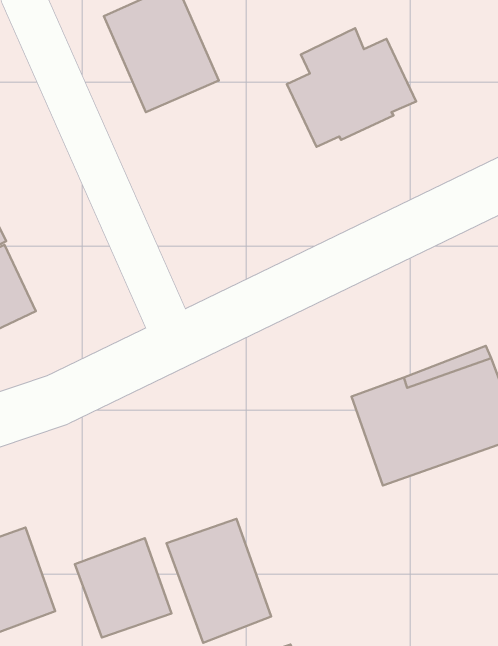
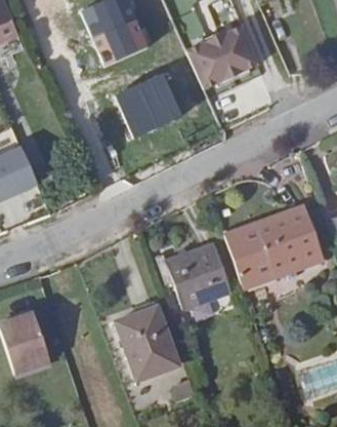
building: none -> [116,72,184,139]
building: none -> [158,242,233,309]
building: [75,538,172,637] -> none

